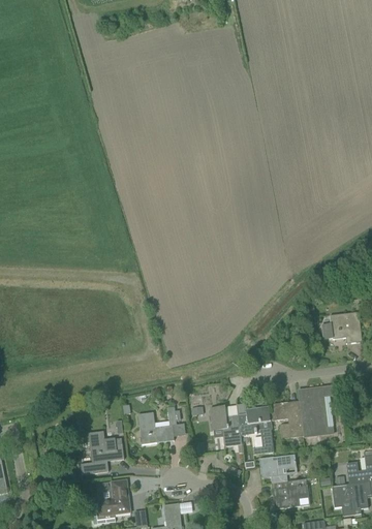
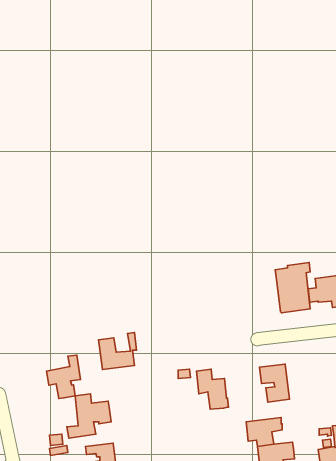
building: [298,385,333,436] -> [275,263,310,313]
building: none -> [47,355,80,399]
building: [238,405,274,454] -> none
building: [137,406,176,443] -> [99,333,137,370]

